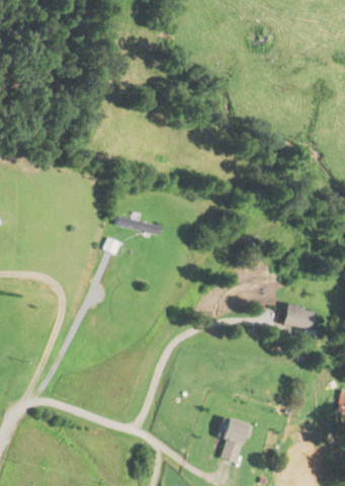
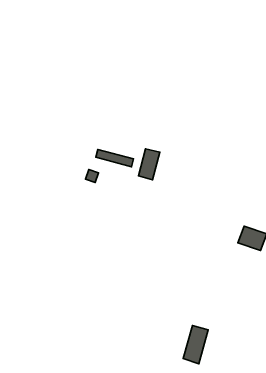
building: none -> [138,149,160,180]

